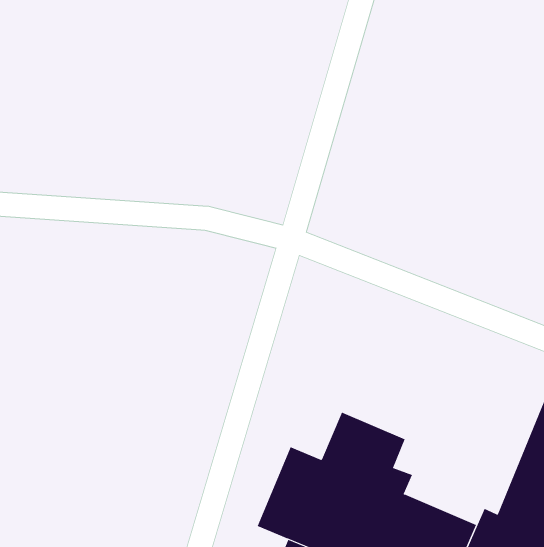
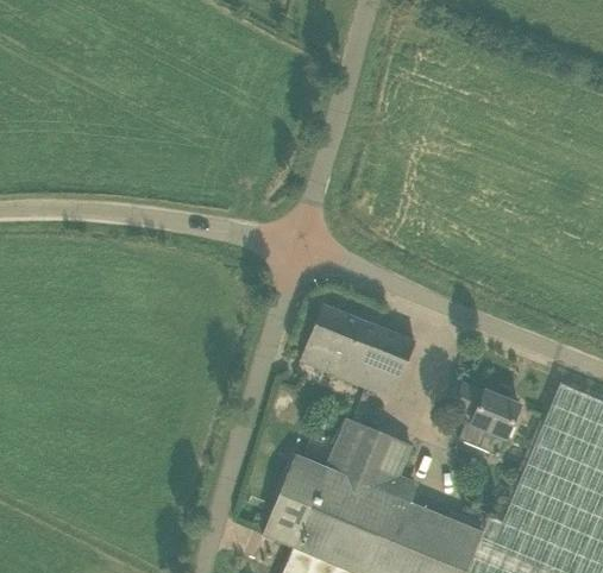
building: none -> [306,306,415,397]
building: none -> [453,384,520,456]

